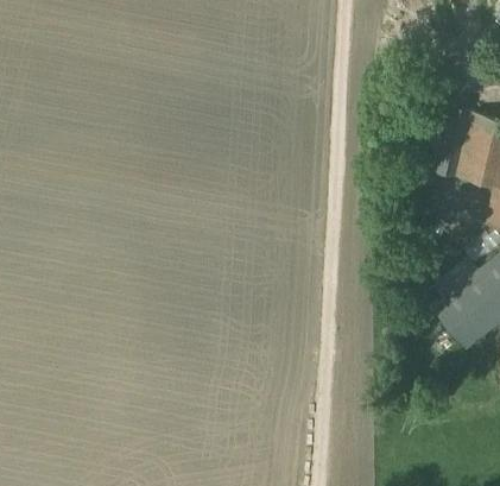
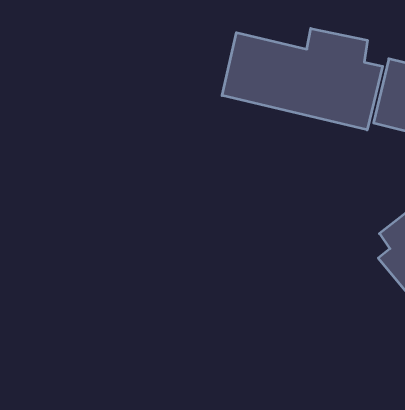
building: none -> [222,28,383,130]

